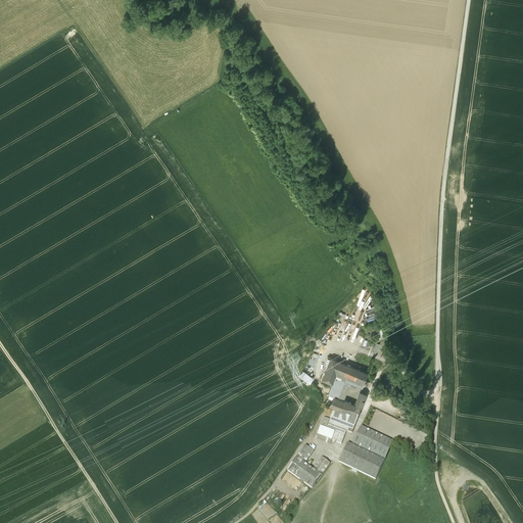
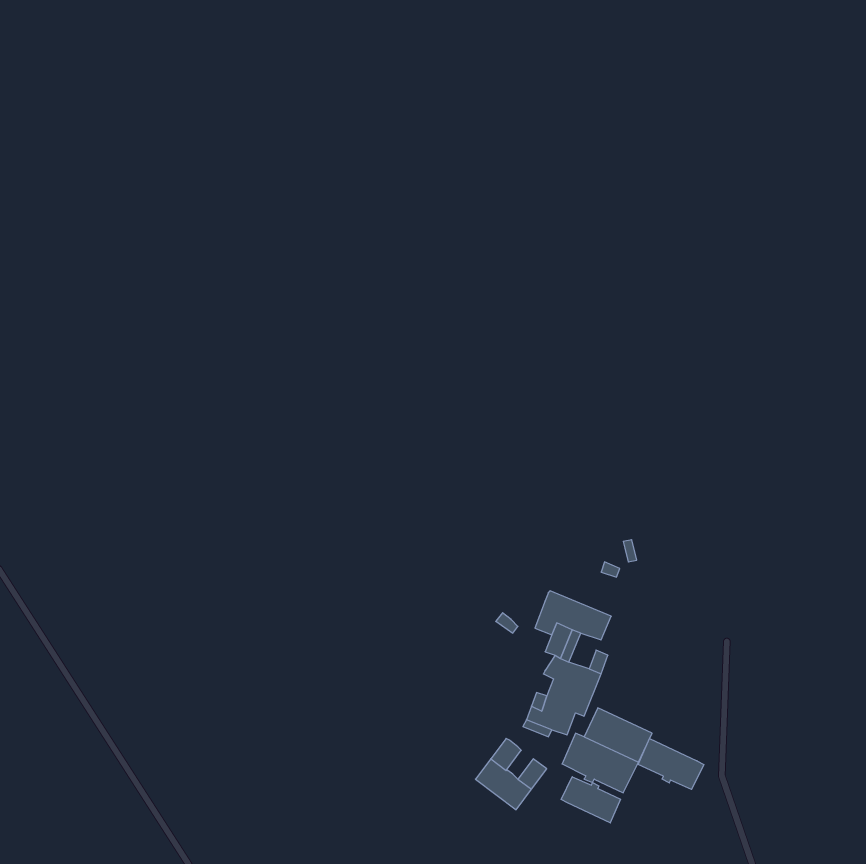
building: none -> [638,739,704,789]
building: none -> [561,777,621,823]

